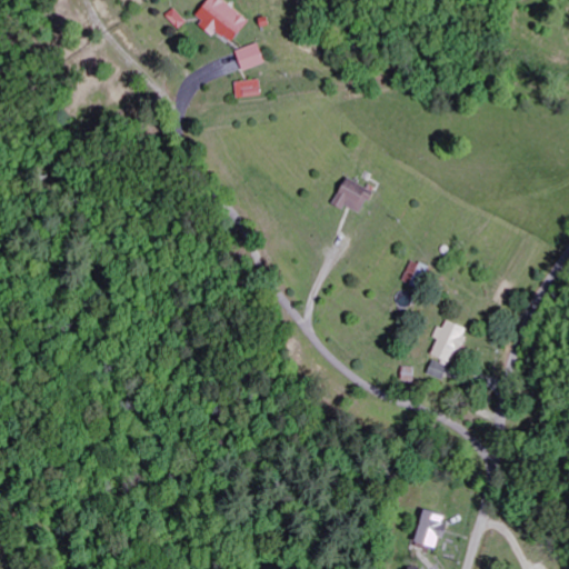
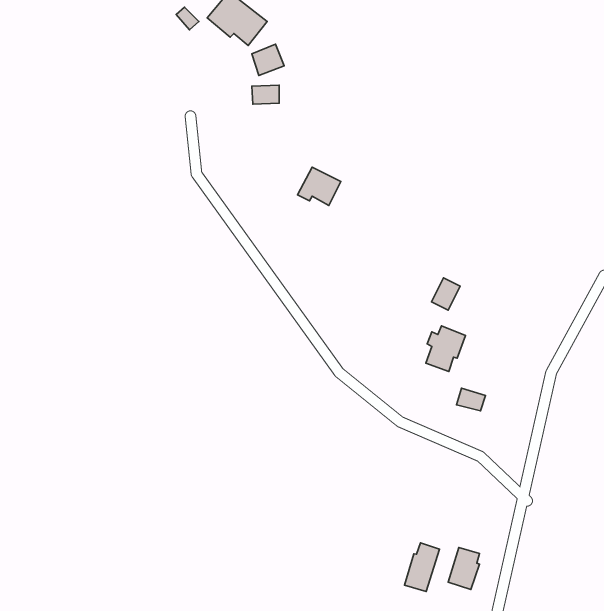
building: [330,177,370,212] -> [298,167,341,206]
building: [430,319,467,361] -> [426,326,465,372]
building: none -> [405,543,440,592]

